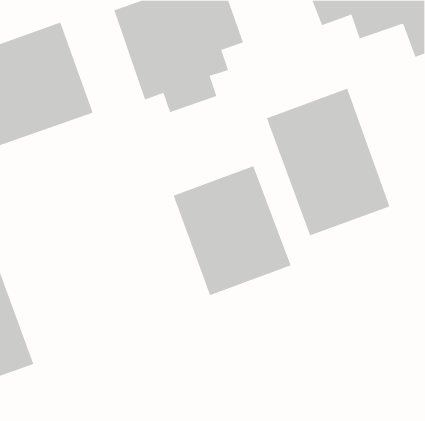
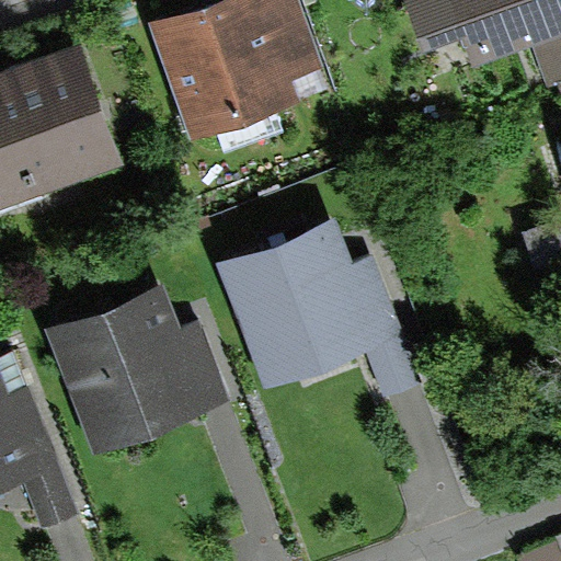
building: [266,88,390,236] -> none
building: none -> [55,284,210,455]

